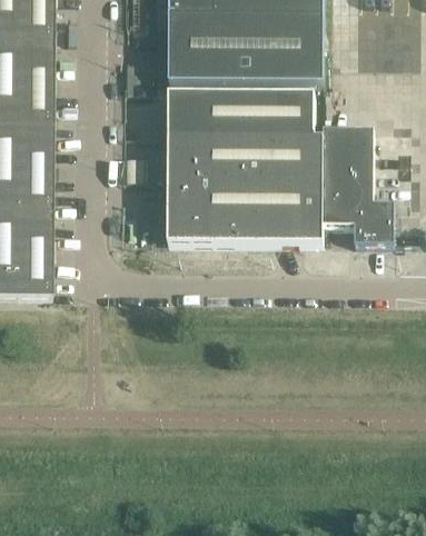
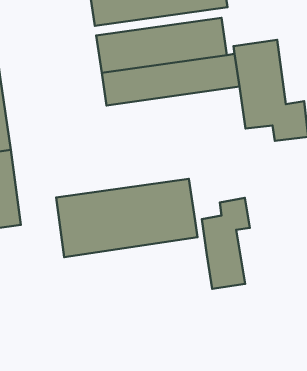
building: [167,173,323,242] -> [56,179,198,257]
building: none -> [202,198,250,289]

